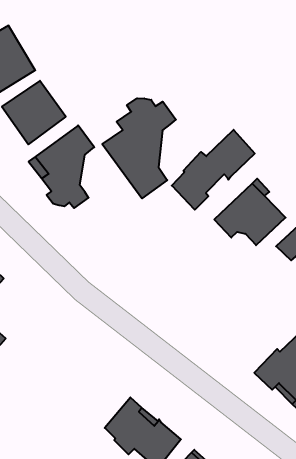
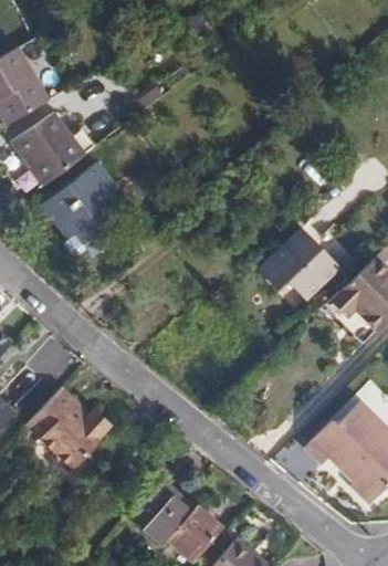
building: [102,98,176,198] -> none
building: [172,130,255,210] -> none
building: none -> [25,387,106,465]

